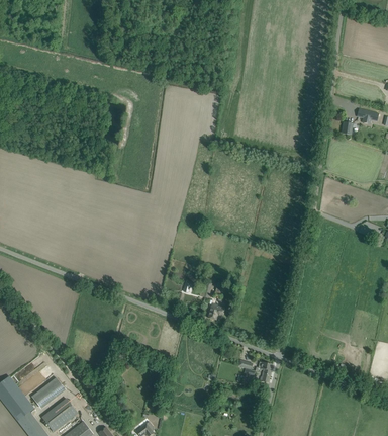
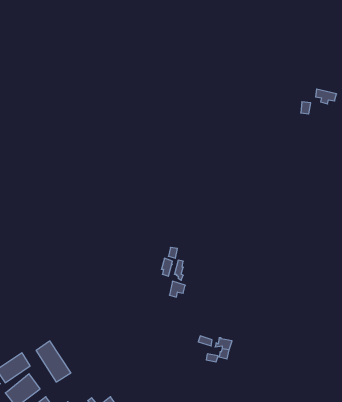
building: none -> [36,341,71,382]

